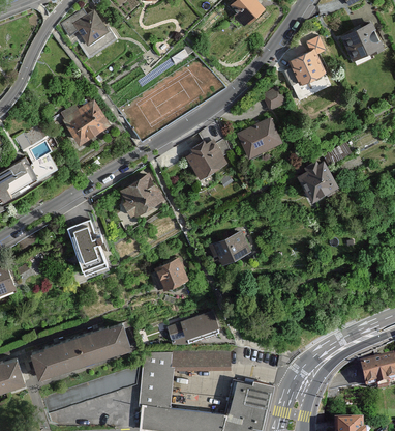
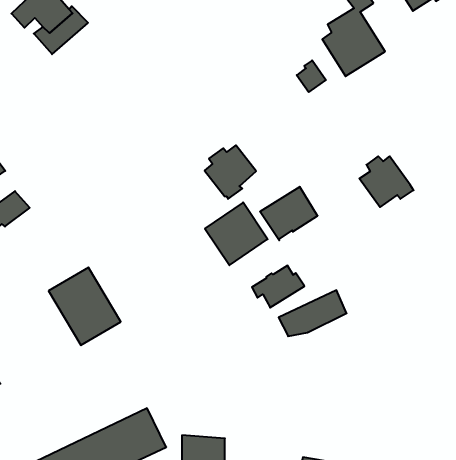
building: [59,100,104,140] -> none
building: [237,118,278,155] -> [260,187,318,240]
building: [118,177,162,222] -> [205,202,268,265]
building: [151,257,184,292] -> none
building: [166,312,216,341] -> [279,290,347,336]

